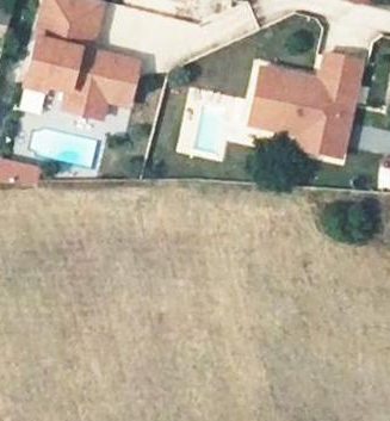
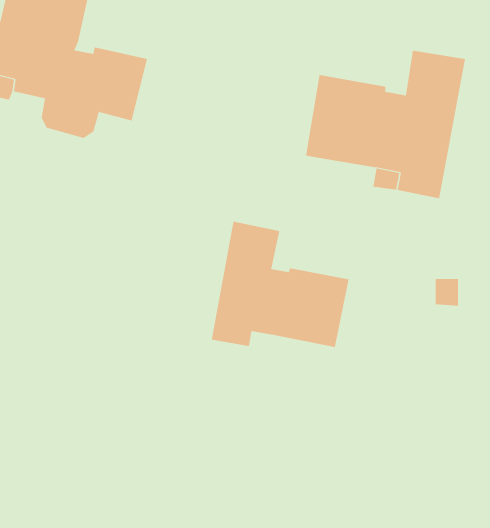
building: none -> [211,221,349,348]

